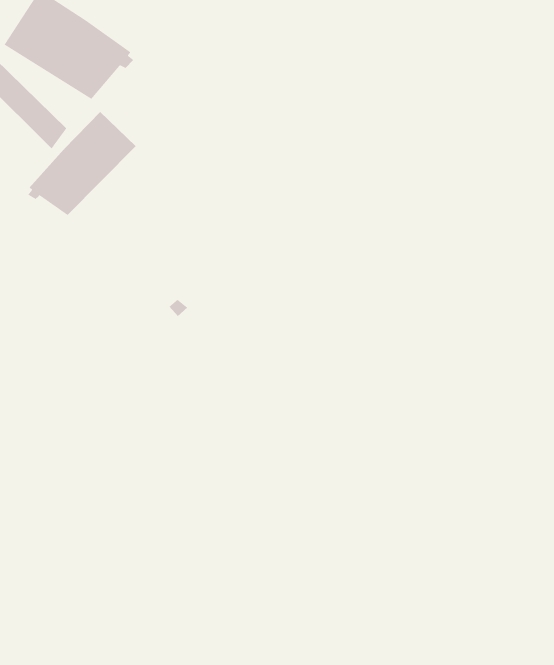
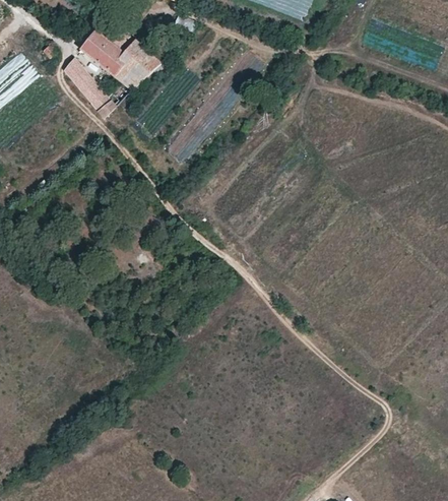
building: [27,111,137,216] -> none

